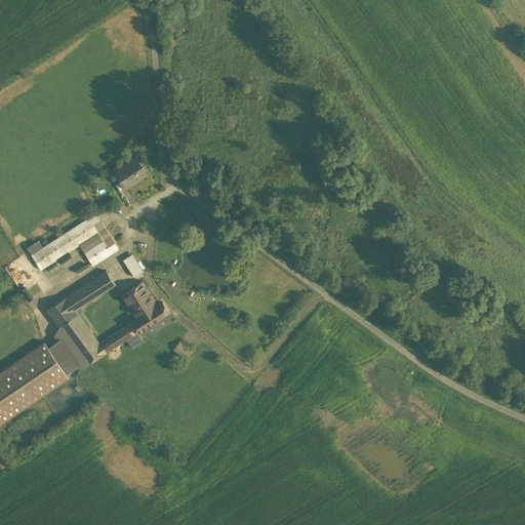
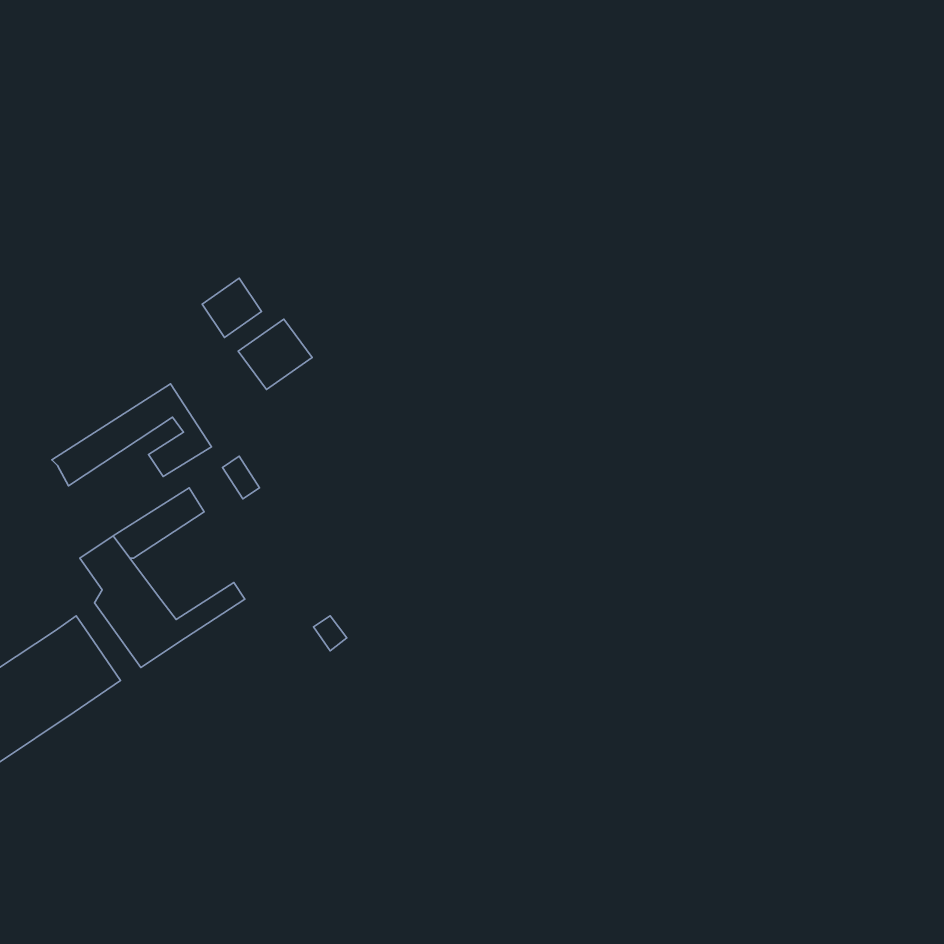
building: none -> [238,319,312,390]
building: [120,283,166,333] -> none

